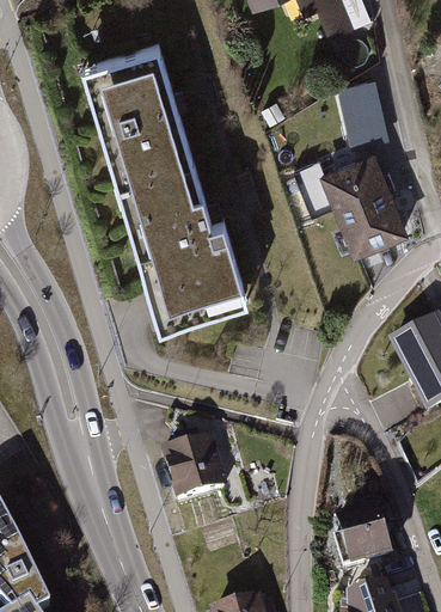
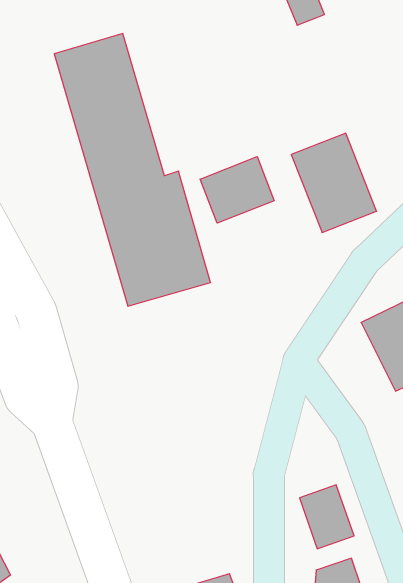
building: [344,75,388,140] -> none
building: none -> [200,157,274,223]
building: [163,435,231,501] -> none

